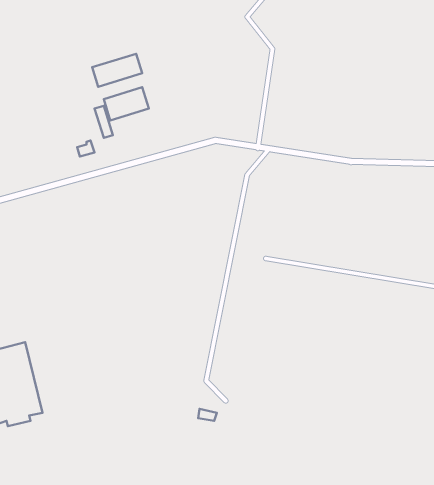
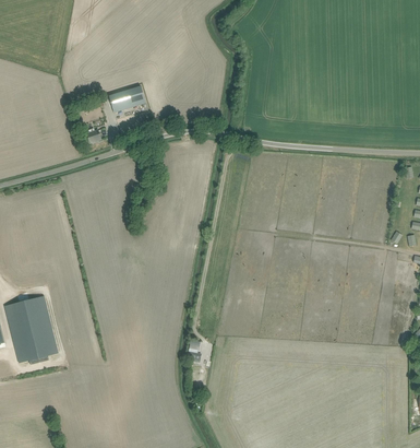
building: [92,54,142,87] -> none

